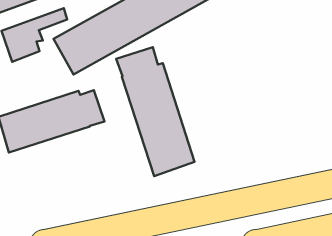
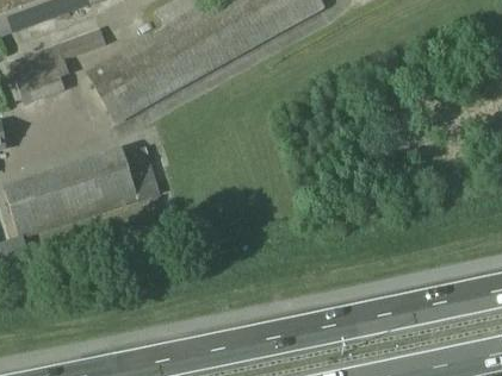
building: [116,47,195,176] -> none

